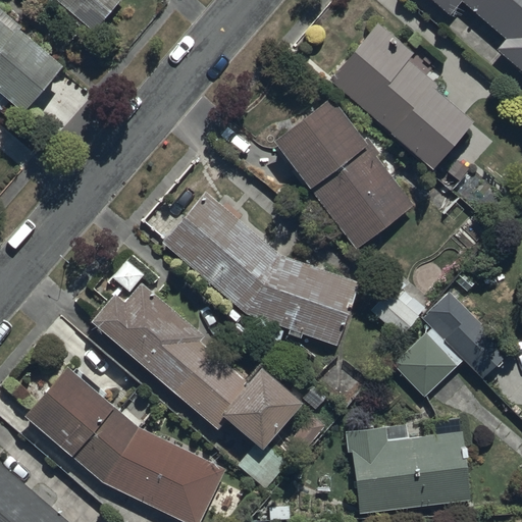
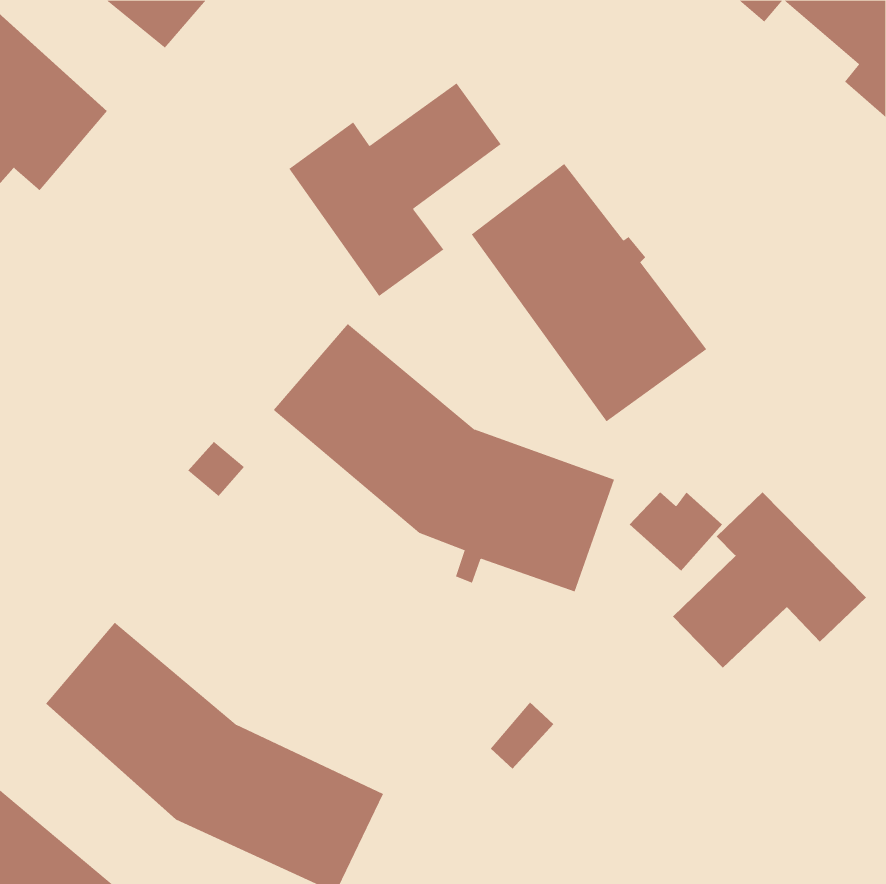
building: [328,21,474,169] -> none
building: none -> [288,82,501,297]
building: [92,284,303,489] -> none
building: [346,419,470,515] -> none

